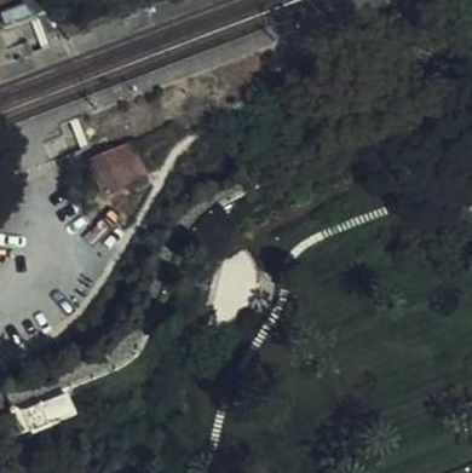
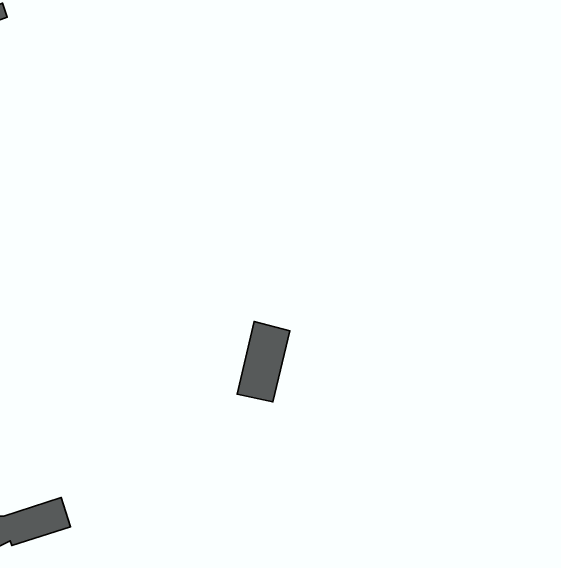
building: [85,148,138,198] -> none

